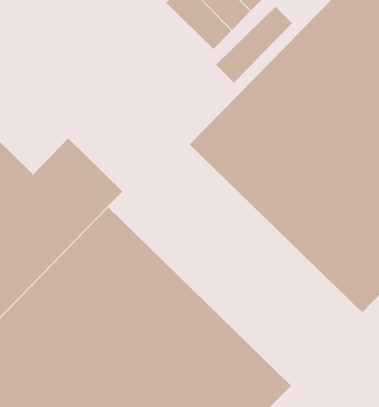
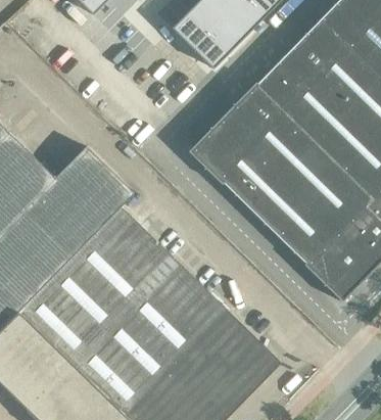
building: [215,6,293,84] -> none

